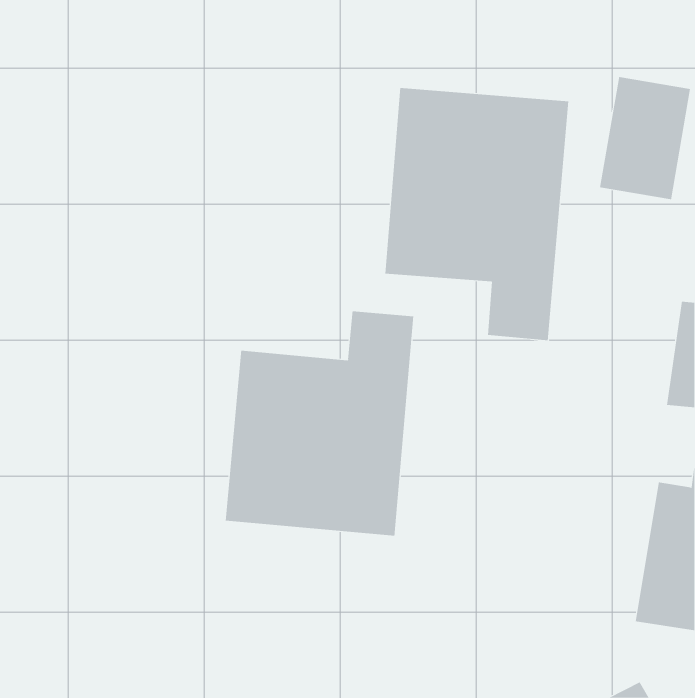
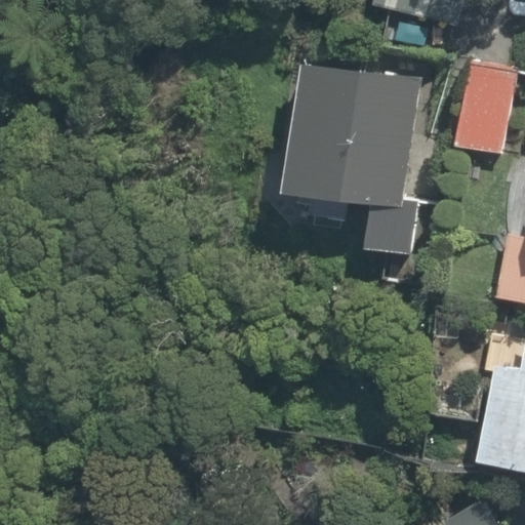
building: [225,311,414,537] -> none

